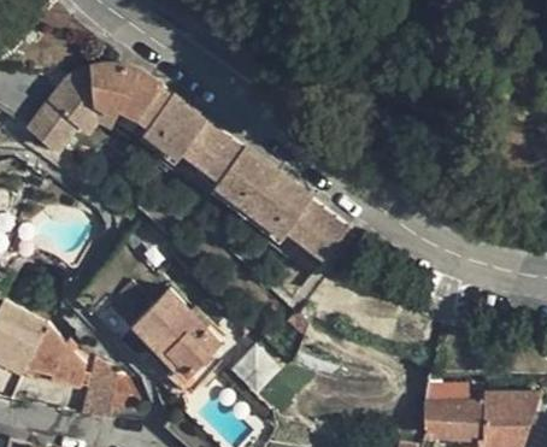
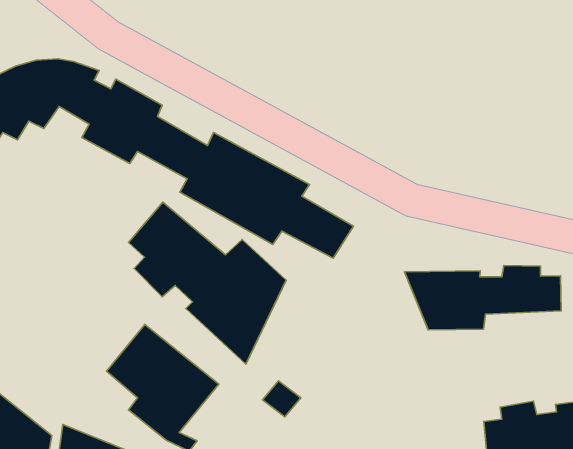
building: none -> [129,202,286,364]
building: none -> [405,265,561,330]

